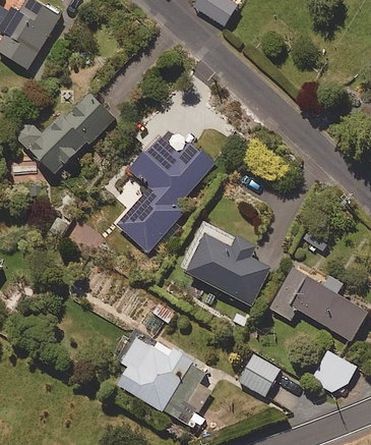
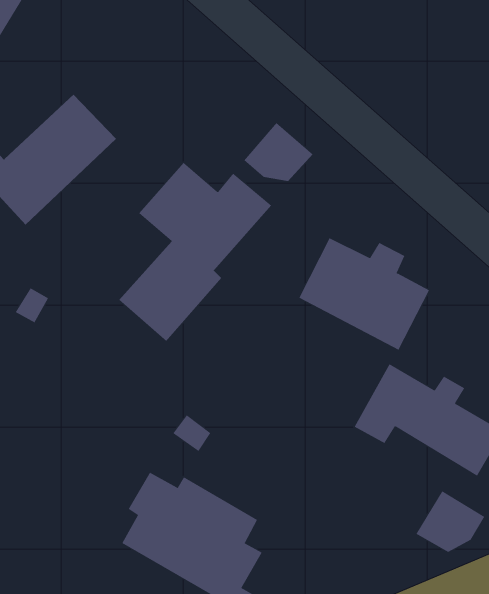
building: none -> [243,122,313,182]
building: [186,232,272,307] -> [298,237,430,350]
building: [239,355,281,396] -> none

